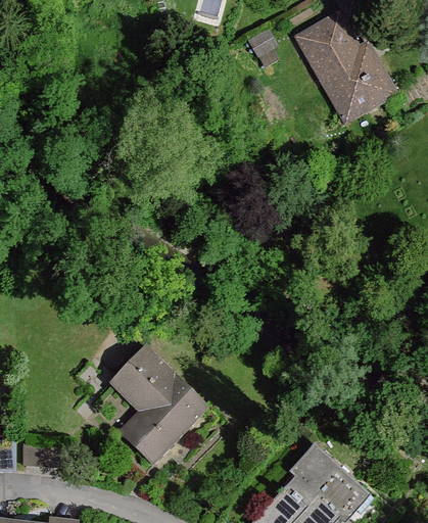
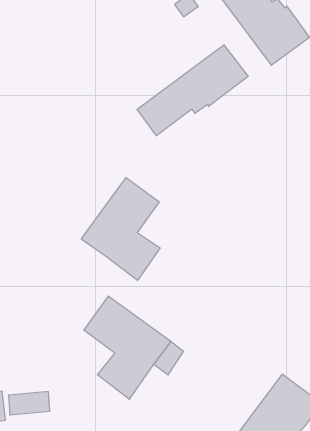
building: none -> [137,45,248,136]
building: none -> [81,178,160,280]

